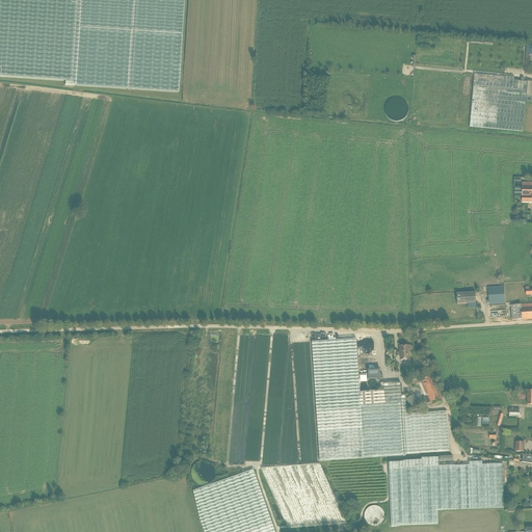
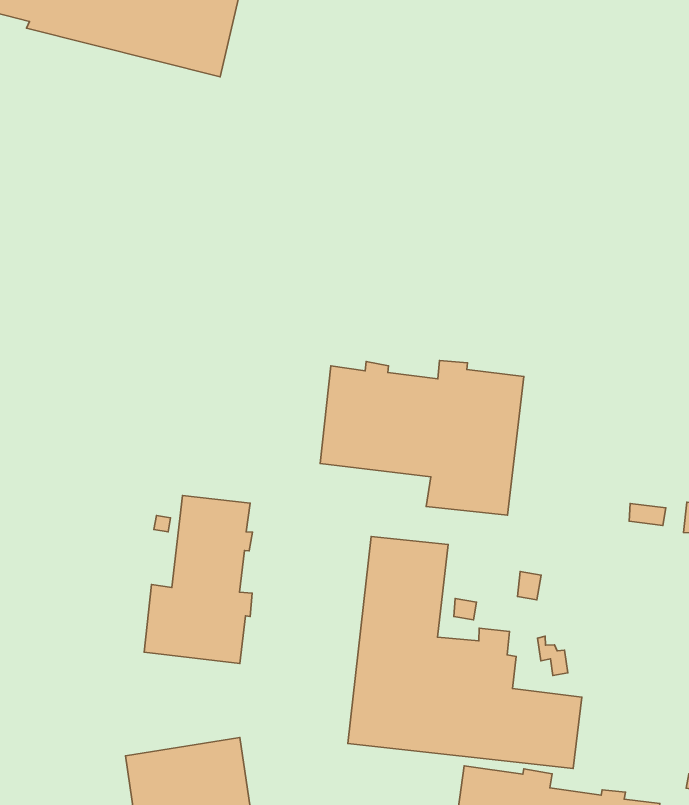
building: none -> [320,361,524,515]
building: none -> [144,496,252,663]

